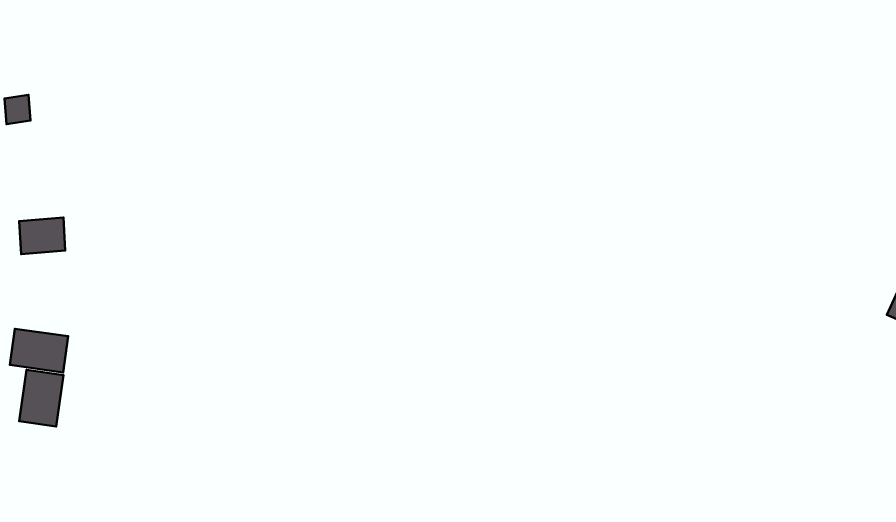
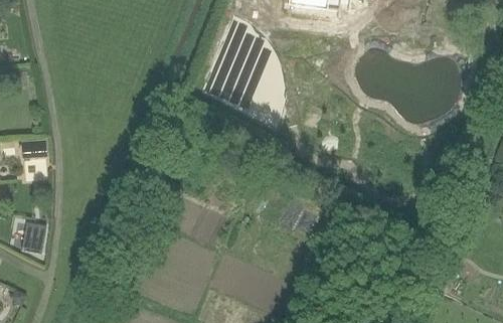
building: [10,329,68,373] -> none

